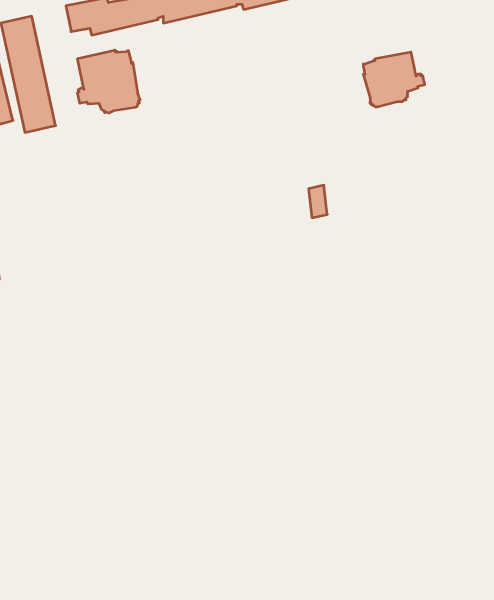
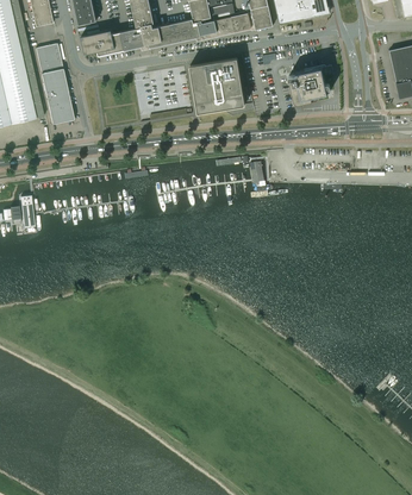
building: none -> [188,58,244,112]
building: [78,50,140,113] -> none

